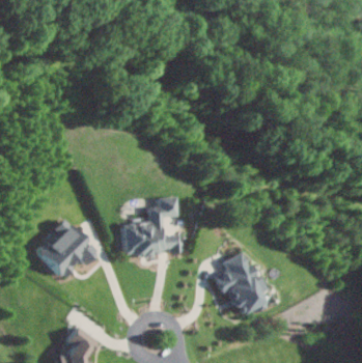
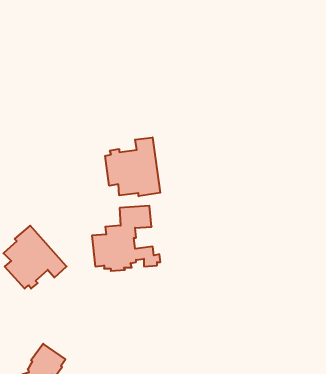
building: none -> [105,137,160,196]
building: [214,253,268,317] -> none

